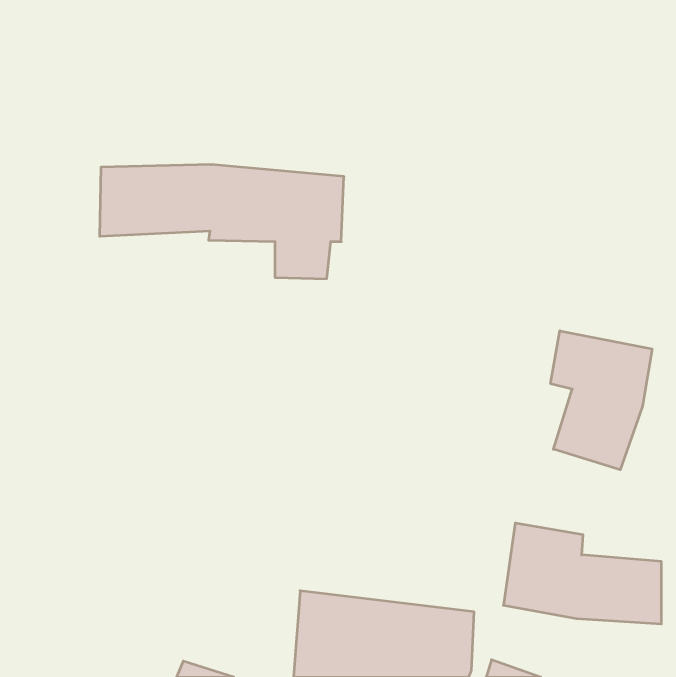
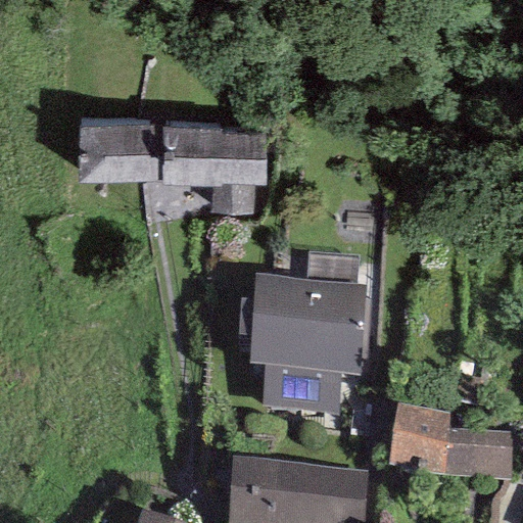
building: [551,331,652,470] -> none
building: none -> [248,273,367,411]

